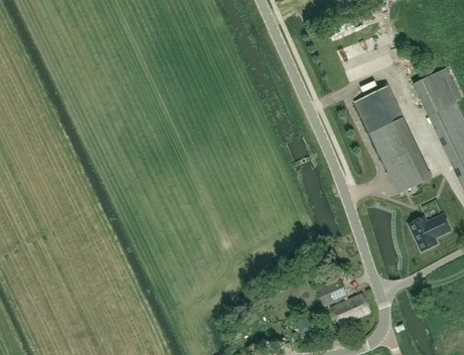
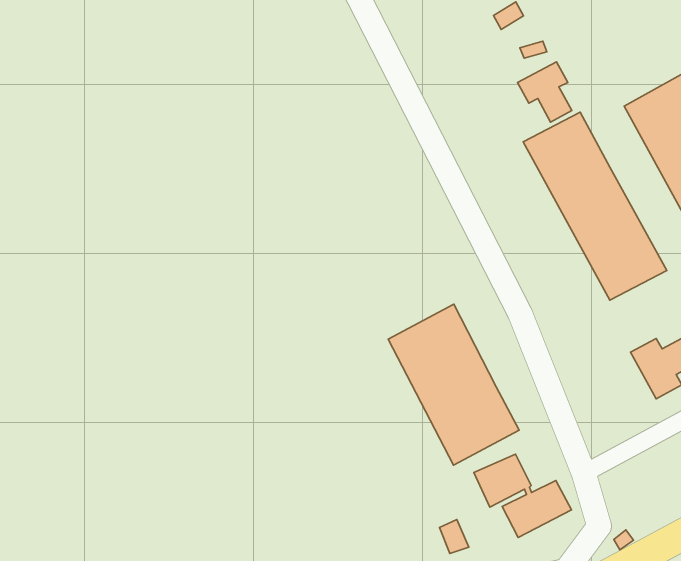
building: none -> [518,62,572,122]
building: none -> [388,304,519,465]

